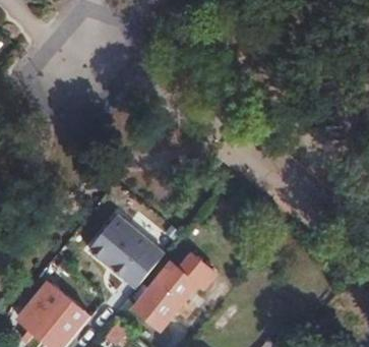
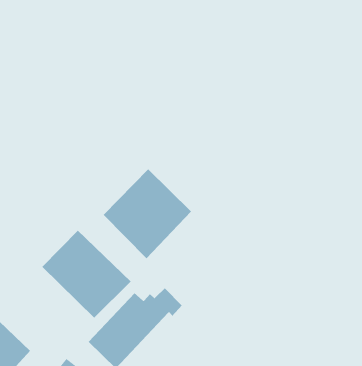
building: none -> [103,169,192,259]

